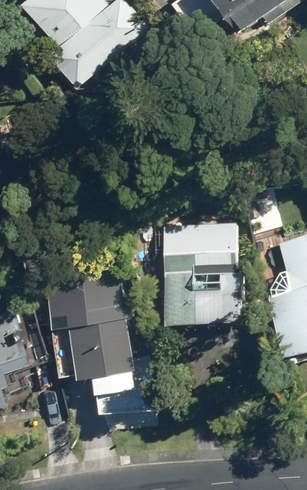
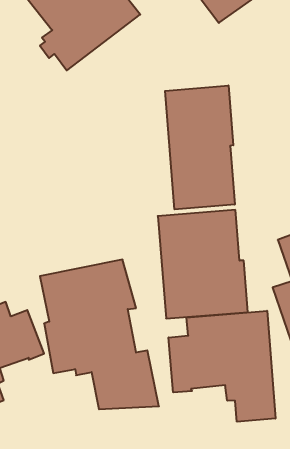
building: none -> [165,85,235,209]
building: none -> [169,311,275,422]

